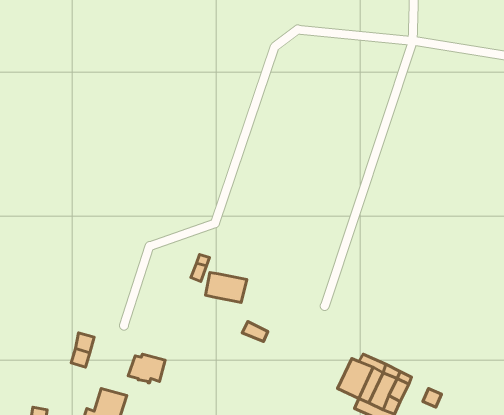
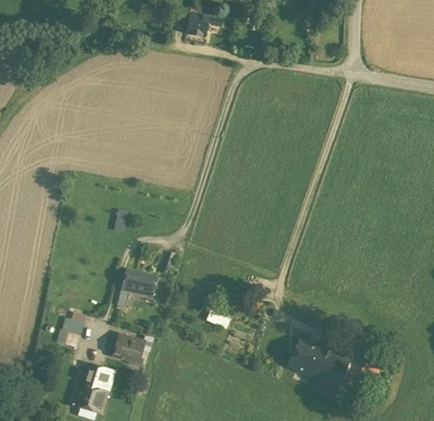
building: [206,272,247,302] -> [122,270,156,295]

